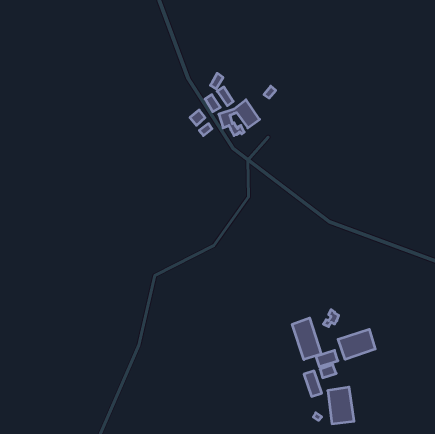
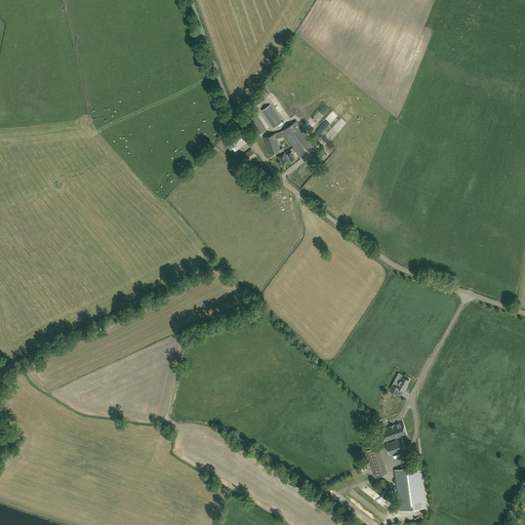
building: [292,318,321,360] -> none
building: [338,329,375,359] -> none

